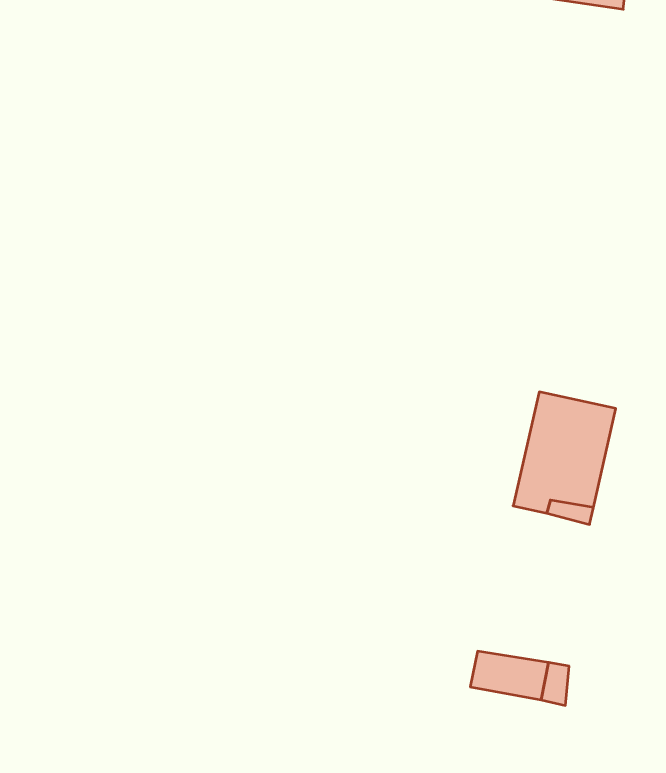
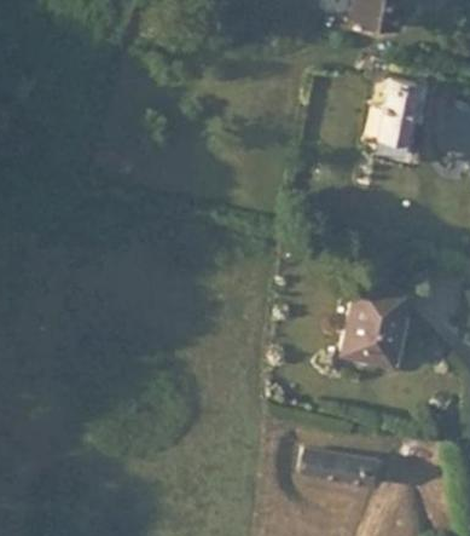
building: none -> [383,82,422,157]

